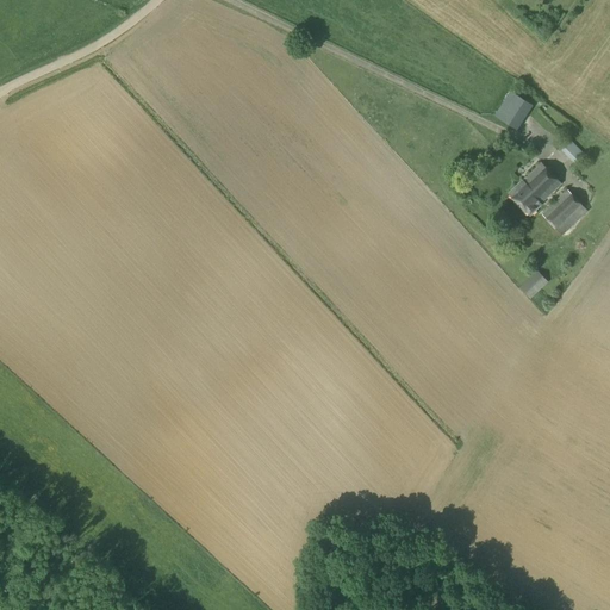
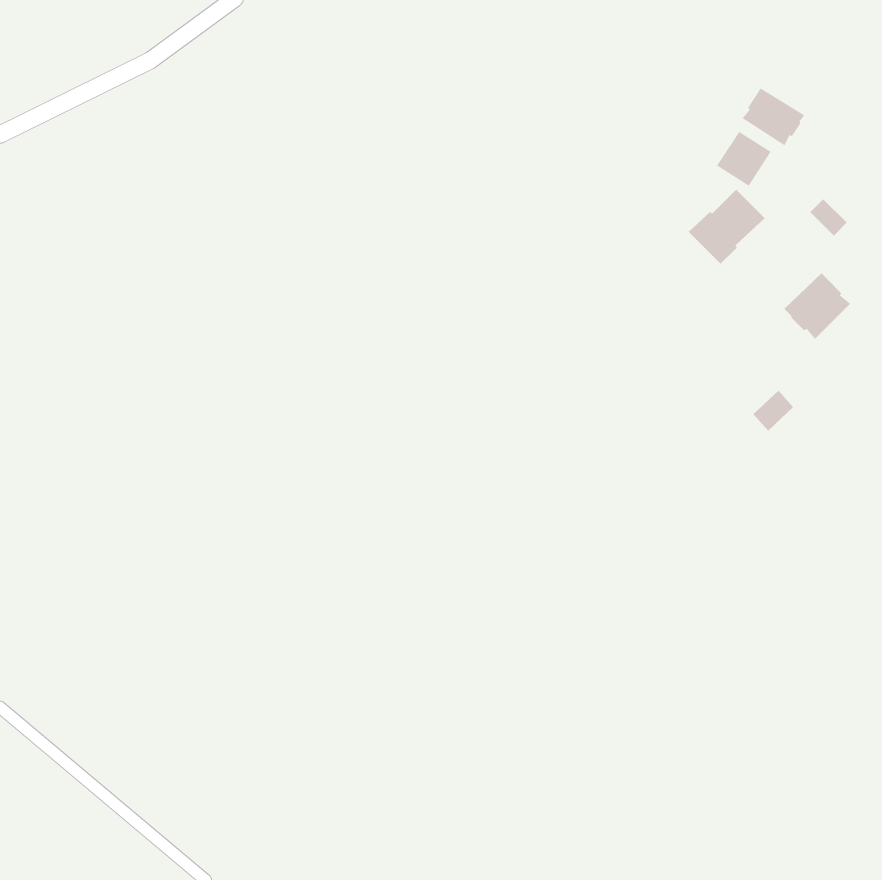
building: none -> [742,87,805,146]
building: [508,163,561,216] -> [688,189,766,265]

